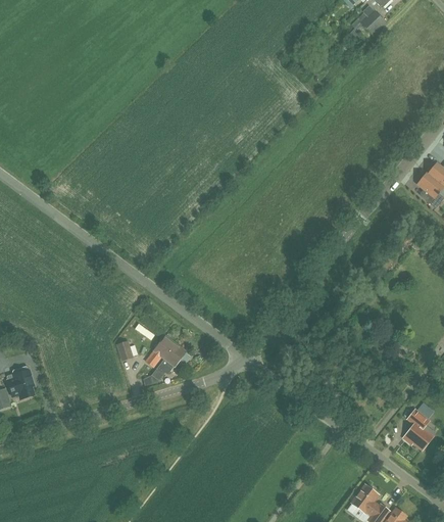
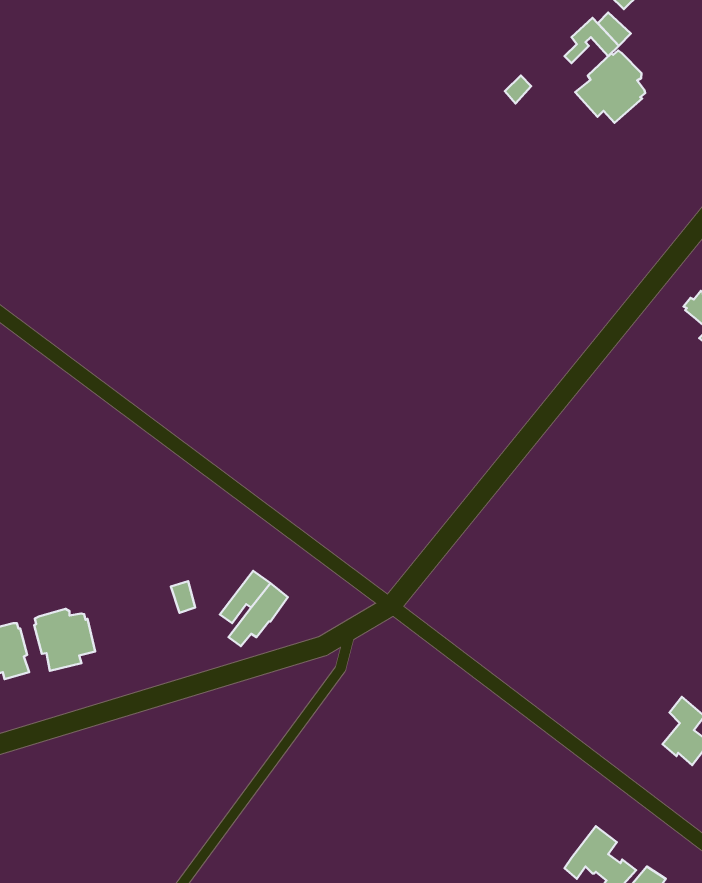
building: none -> [575,51,645,123]
building: none -> [34,609,95,671]

